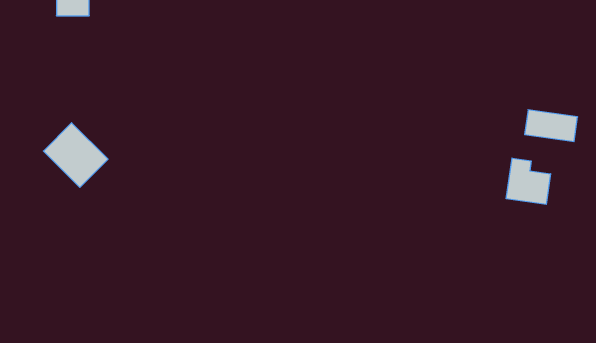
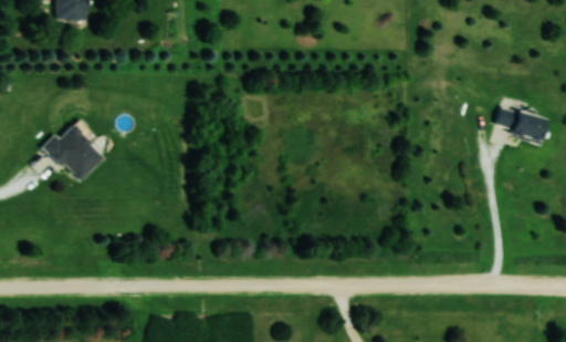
building: [506,158,551,204] -> none

